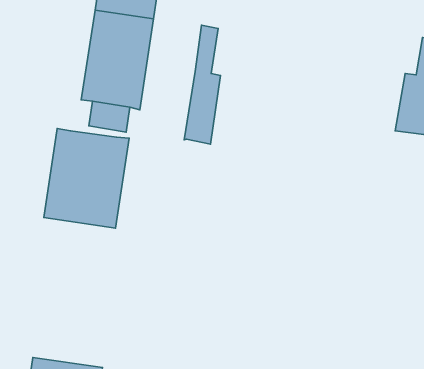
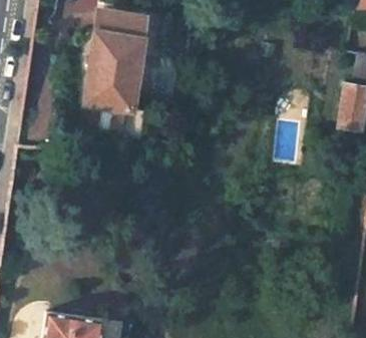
building: [184,25,221,144] -> none
building: [44,128,129,228] -> none

